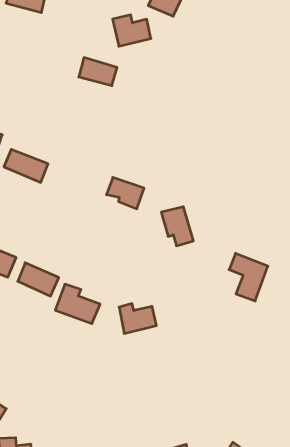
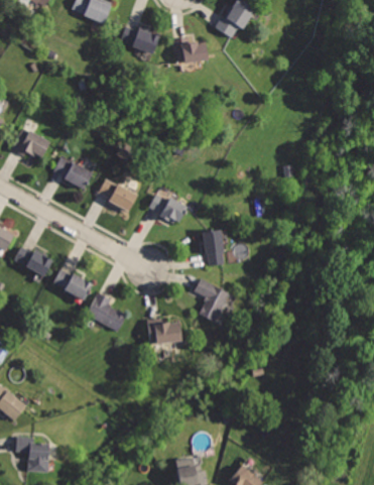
building: [79,58,117,86] -> [121,23,159,53]
building: none -> [99,178,139,215]
building: [229,253,268,301] -> [195,277,233,326]

